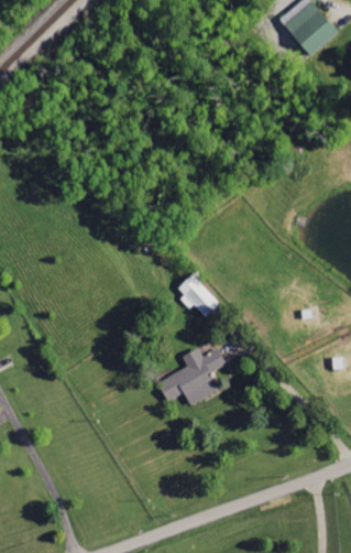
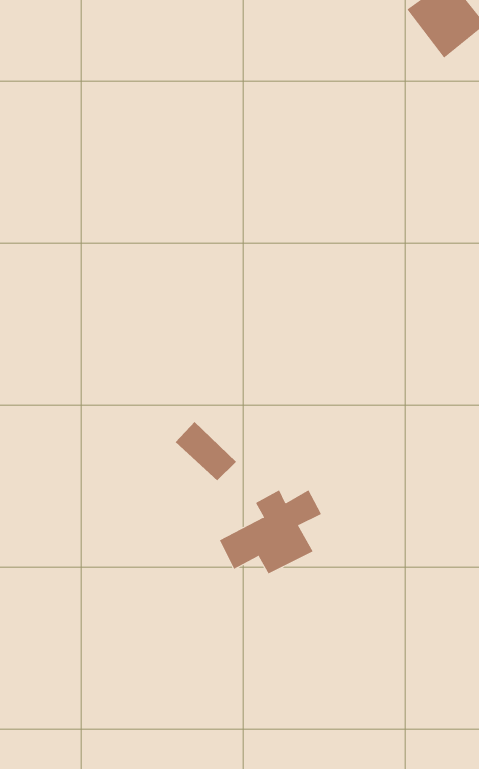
building: [177,274,219,315] -> [175,421,237,481]

